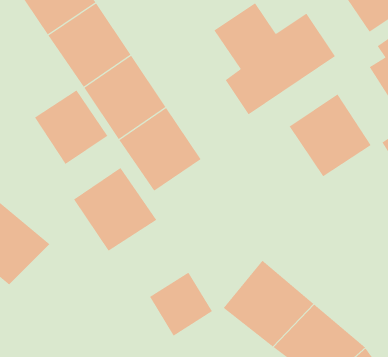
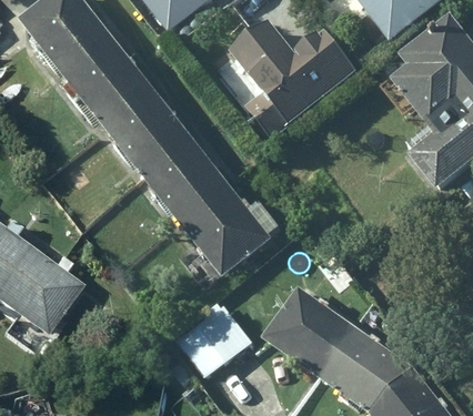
building: [34,90,108,165] -> none
building: [289,93,372,177] -> none
building: [73,167,157,252] -> [181,185,269,273]

